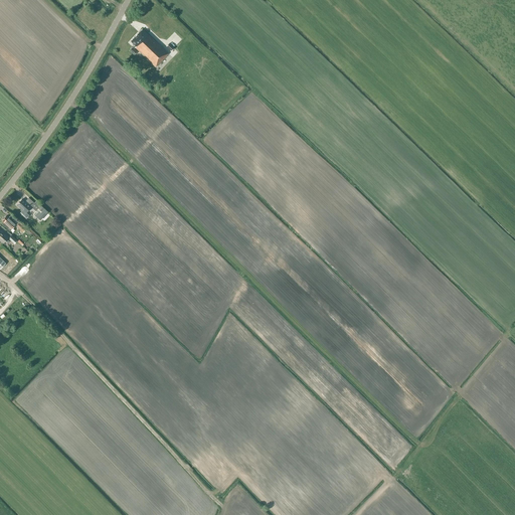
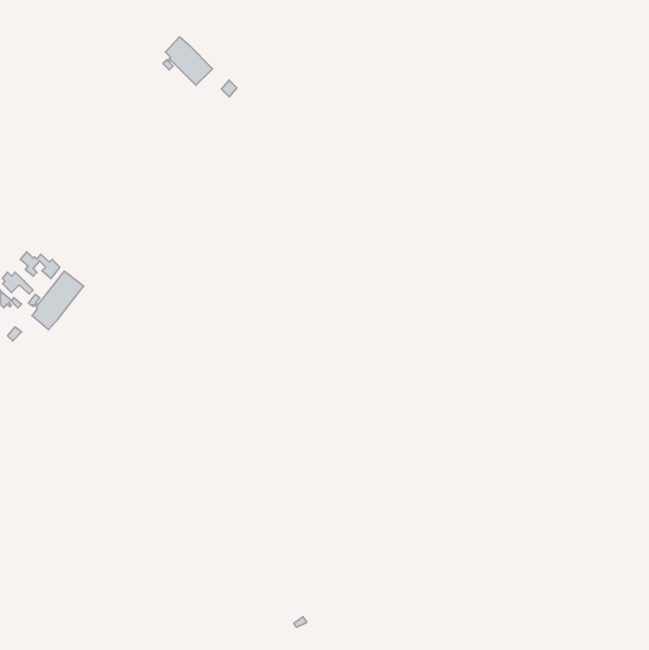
building: none -> [29,271,84,330]

